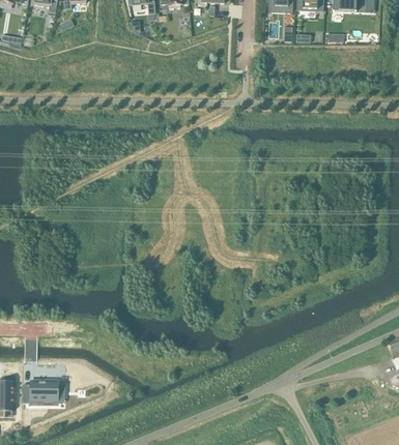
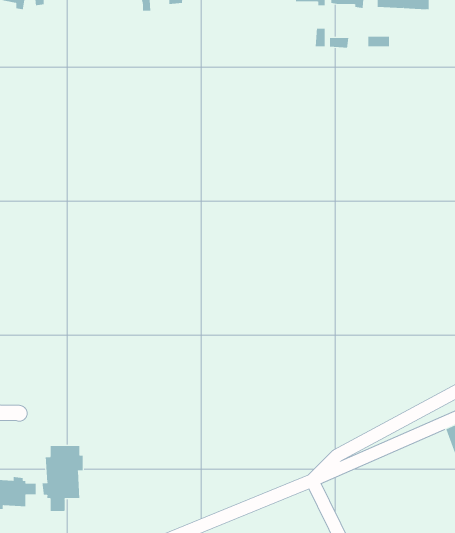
building: none -> [42,445,83,512]

